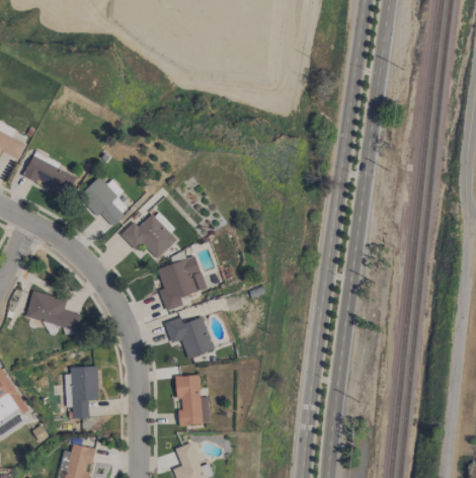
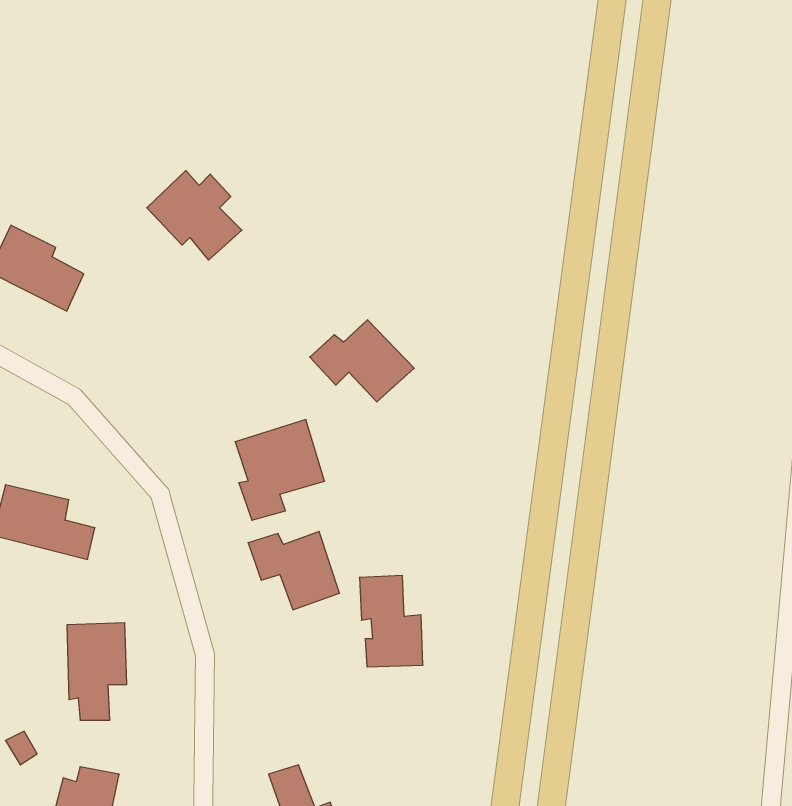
building: [78,177,130,226] -> [147,170,242,260]
building: [121,215,177,259] -> [310,320,414,402]
building: [175,376,210,425] -> [359,575,423,667]

